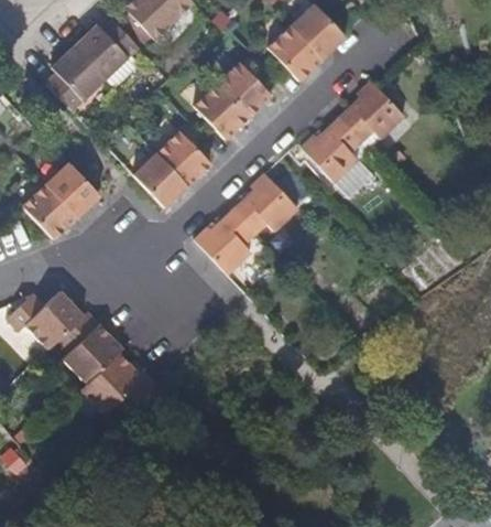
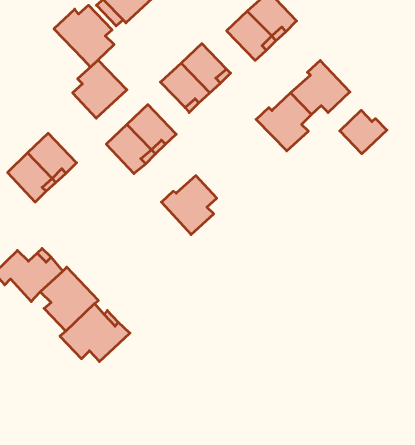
building: [46,45,107,110] -> [73,60,127,118]
building: none -> [340,110,387,154]
building: [233,173,299,235] -> none

